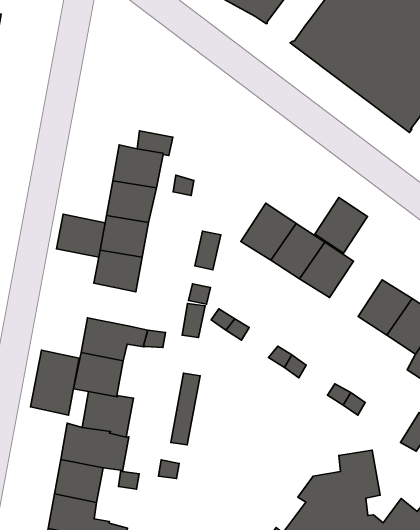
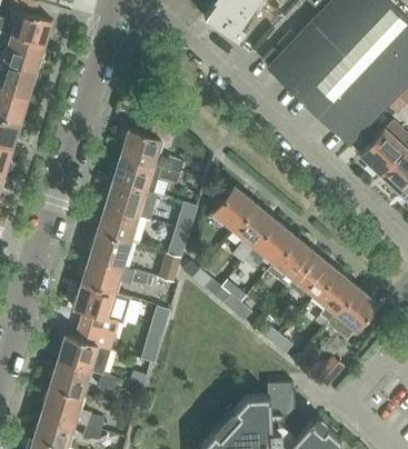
building: [315,198,367,253] -> [273,238,315,280]
building: [57,214,105,257] -> [89,232,128,268]
building: [31,350,79,415] -> none

